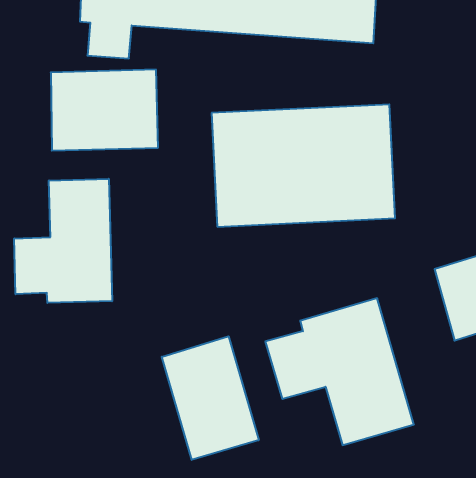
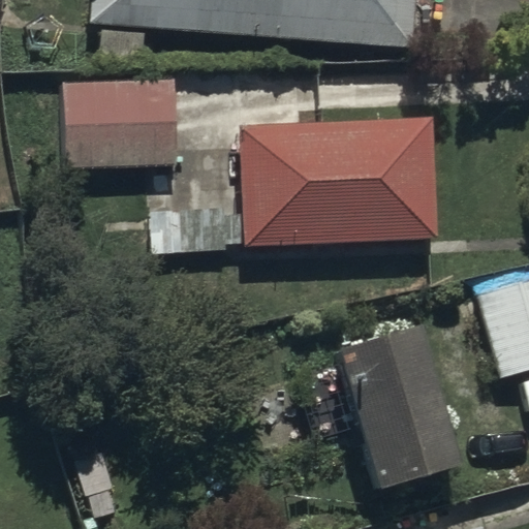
building: [14,179,112,303] -> none
building: [162,336,259,460] -> none

